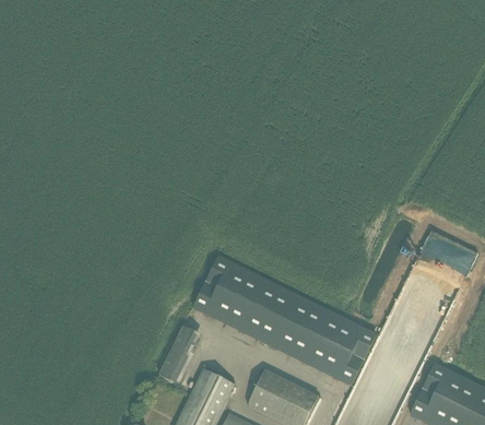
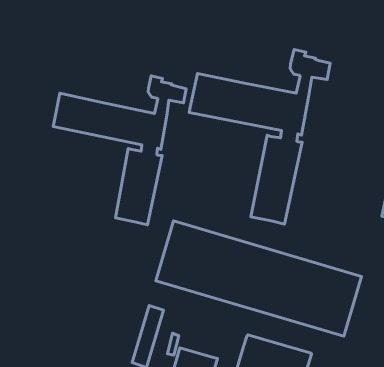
building: none -> [189,49,330,224]
building: none -> [53,76,186,225]

